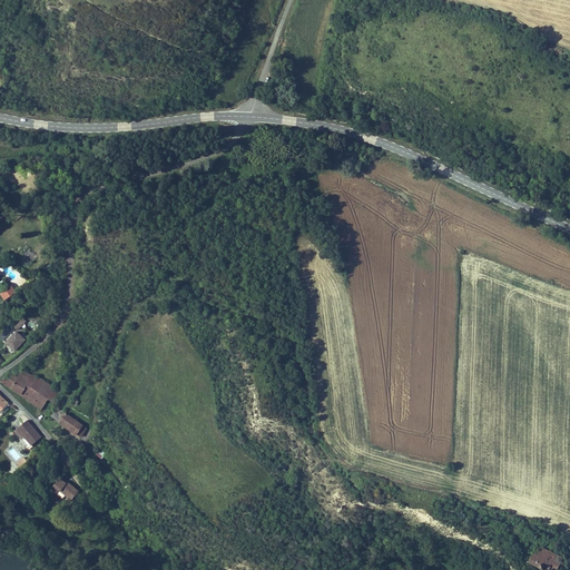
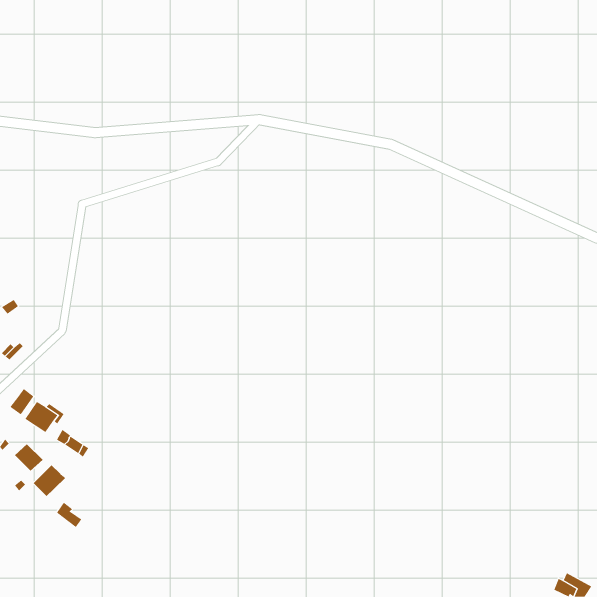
building: none -> [33,464,66,497]

